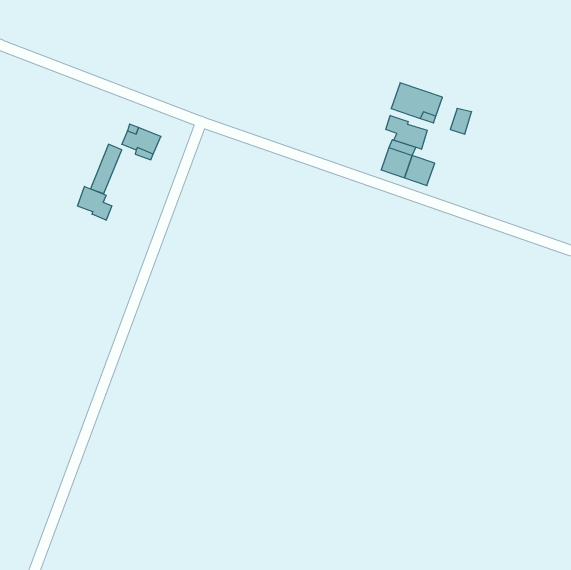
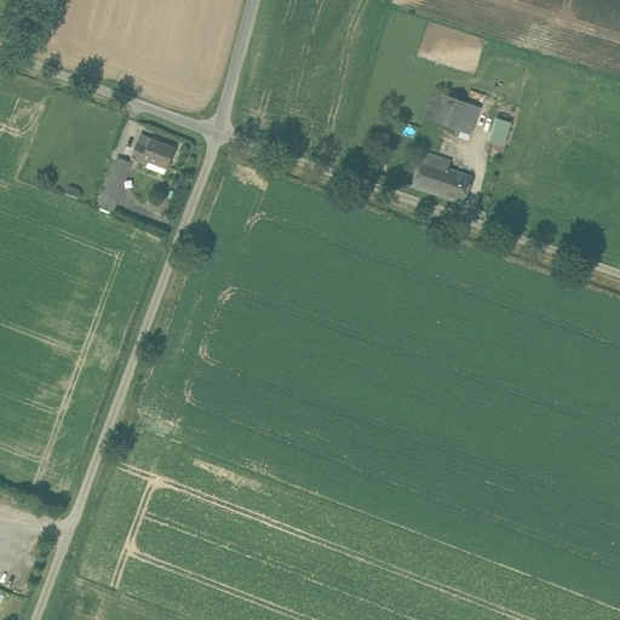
building: [386,115,427,149] -> none
building: [77,186,112,220] -> none

